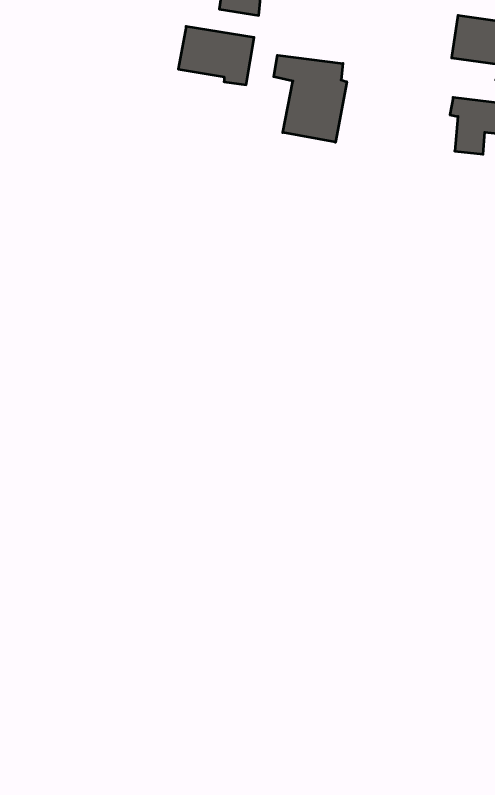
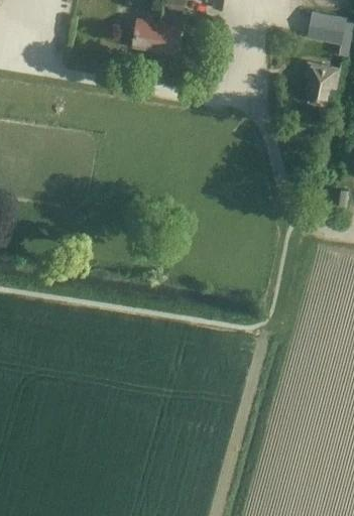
building: [274,55,347,142] -> none

